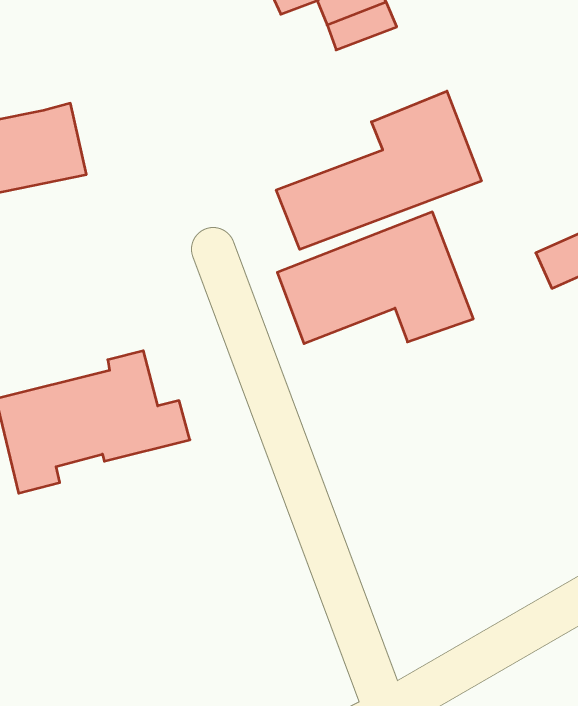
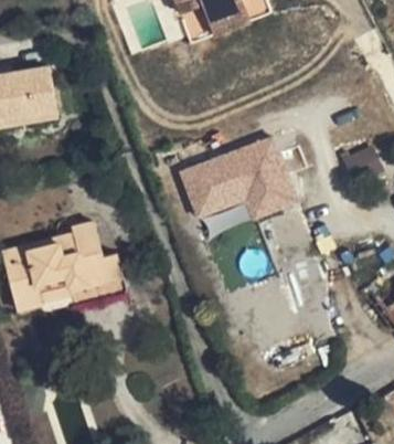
building: [276,91,481,249] -> none

